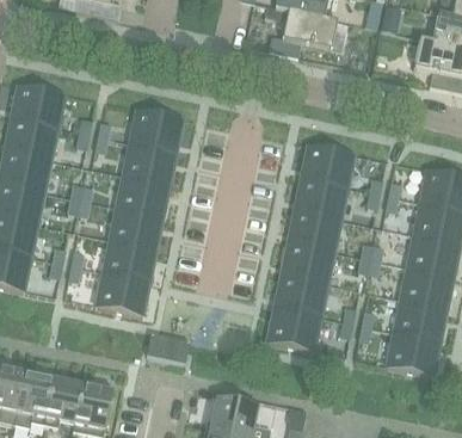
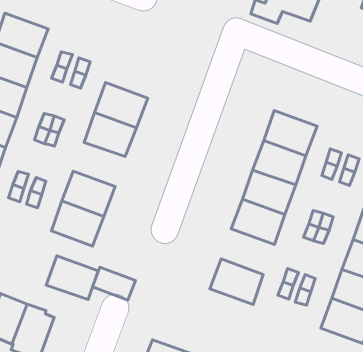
building: [130,111,181,153] -> none
building: [110,208,161,248] -> none
building: [275,274,327,316] -> none
building: none -> [46,256,98,299]

